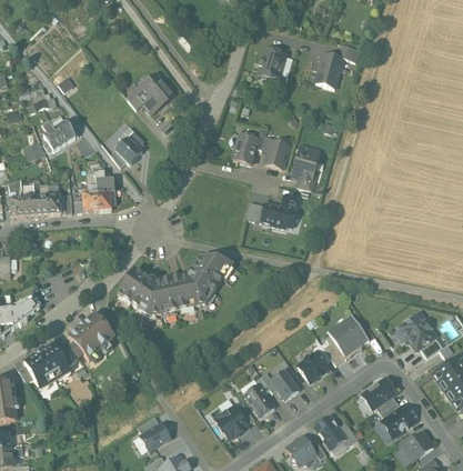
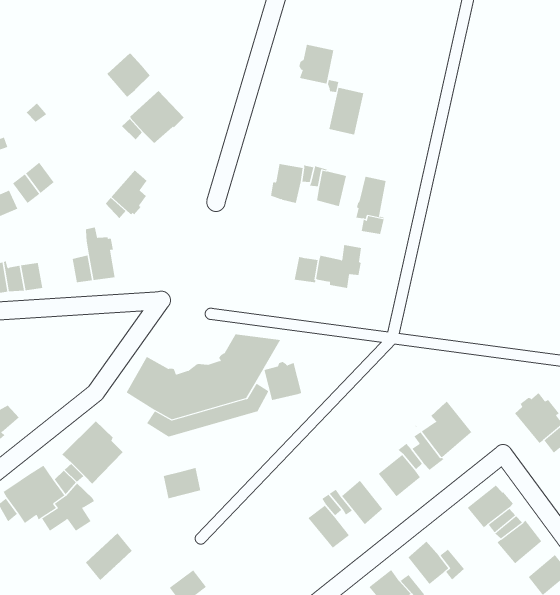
building: none -> [106,53,151,98]
building: [315,51,343,87] -> [328,87,364,135]
building: none -> [264,361,302,401]
building: none -> [163,467,201,499]
building: none -> [85,532,133,581]
building: [213,405,248,439] -> none

